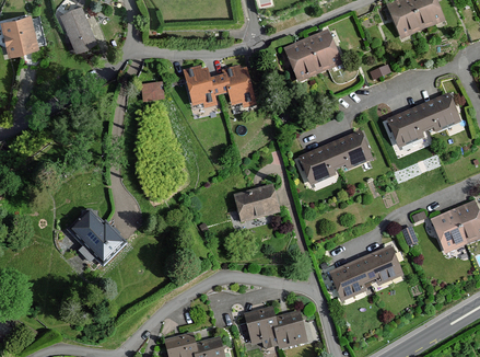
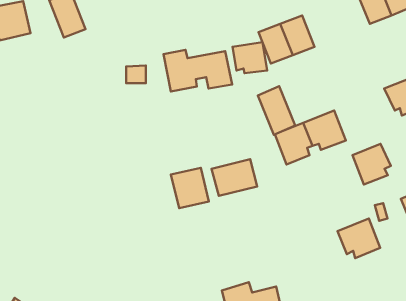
building: none -> [233,42,267,73]
building: none -> [258,86,295,135]
building: [385,106,425,149] -> [352,144,391,184]
building: none -> [171,168,209,208]
building: [67,211,121,264] -> none
building: [335,256,375,300] -> none

